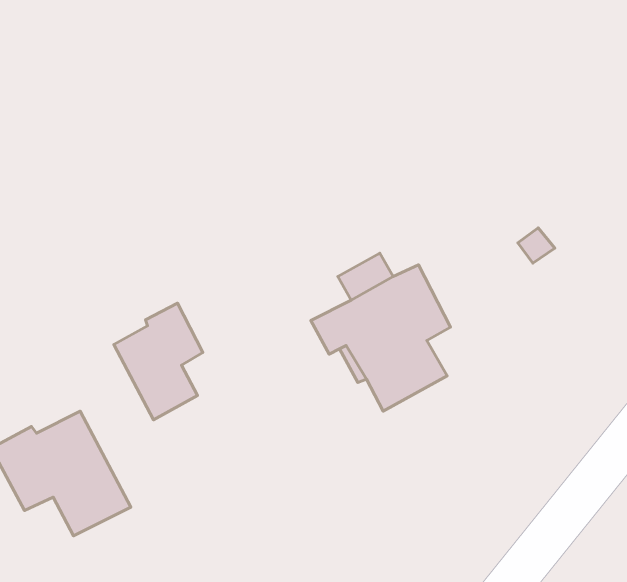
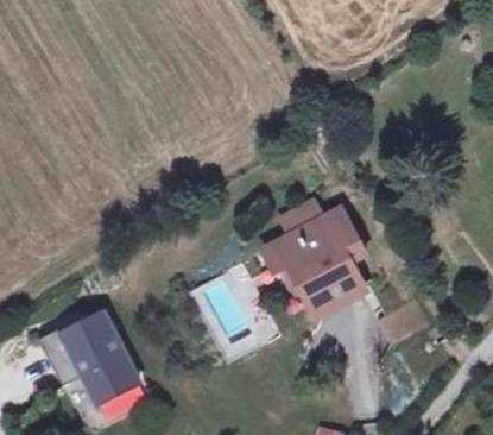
building: [114,303,203,420] -> none

